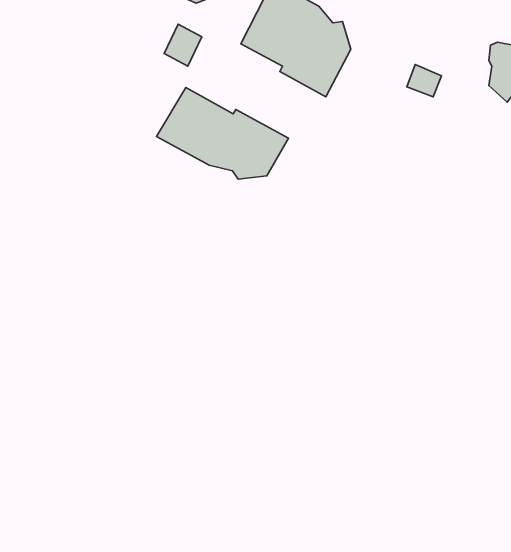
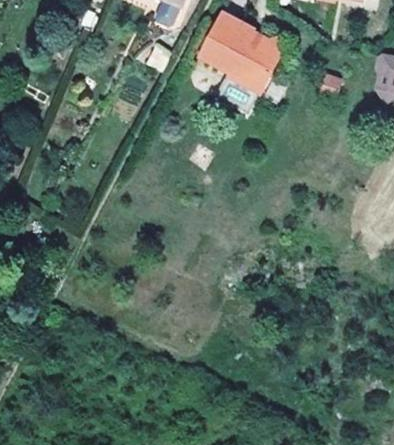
building: [156,87,288,179] -> none

